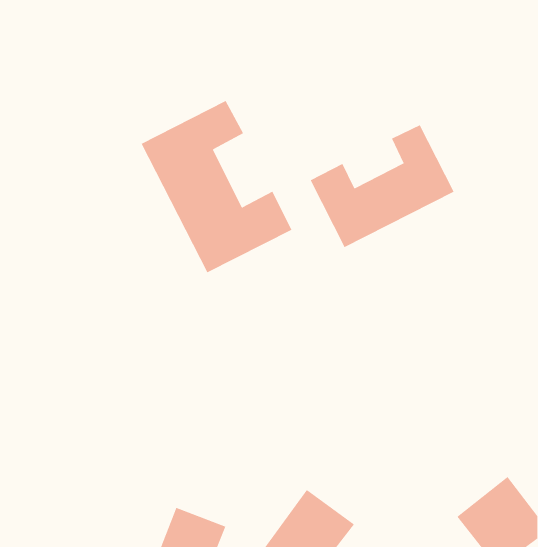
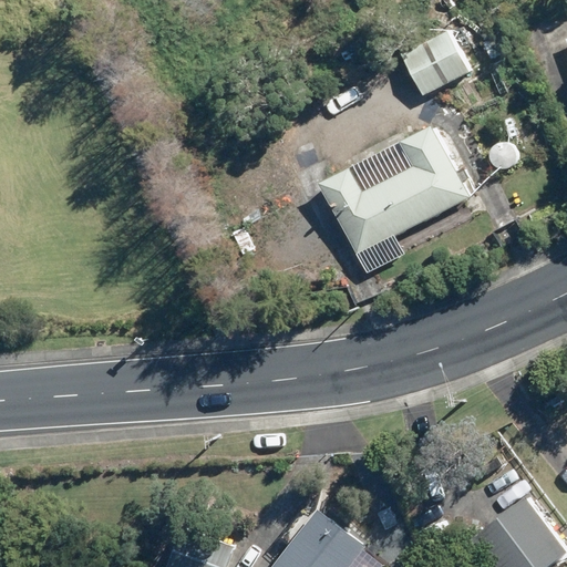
building: none -> [403,35,470,96]
building: [141,100,292,273] -> none

